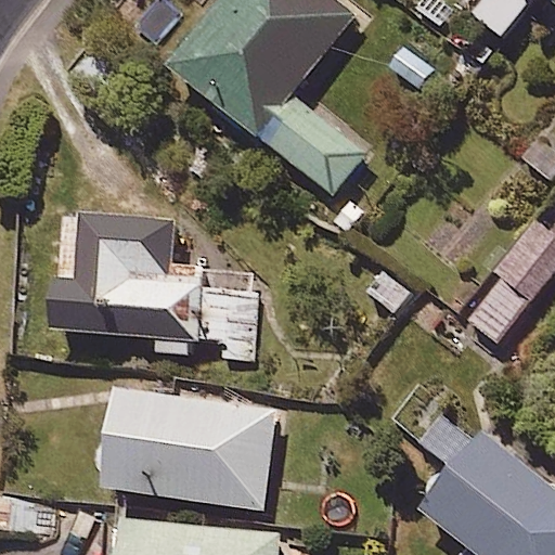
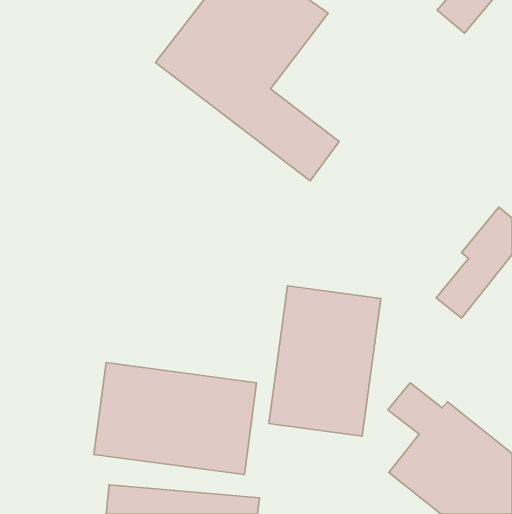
building: [49,212,259,360] -> none
building: none -> [269,286,381,436]

